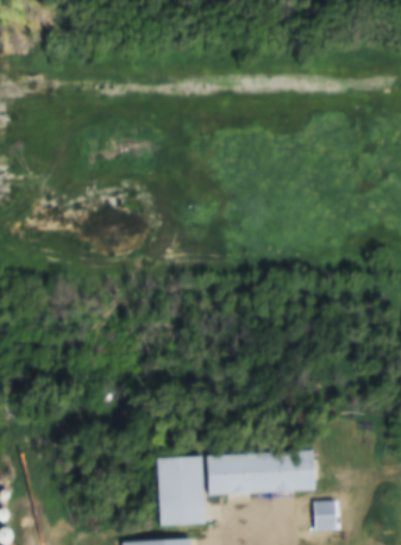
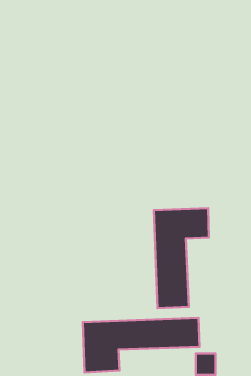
building: none -> [154,208,209,308]

